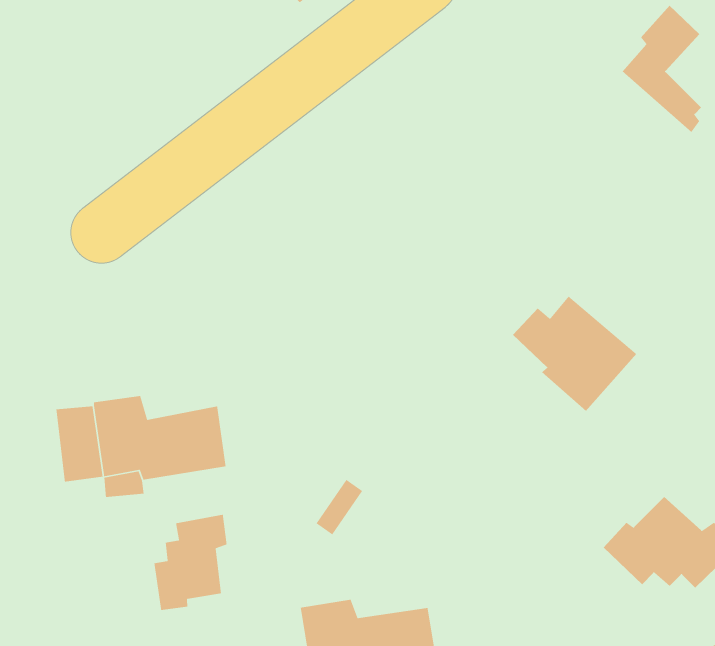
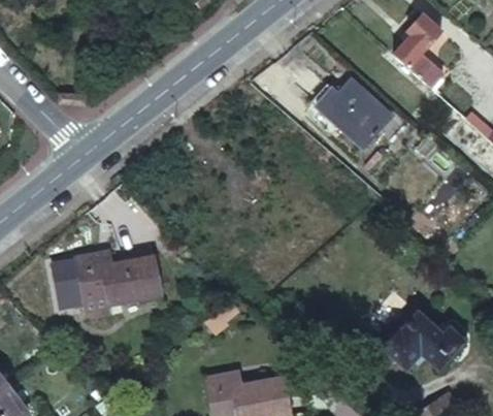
building: [512,296,637,412] -> [318,82,393,152]
building: [154,514,228,611] -> none

